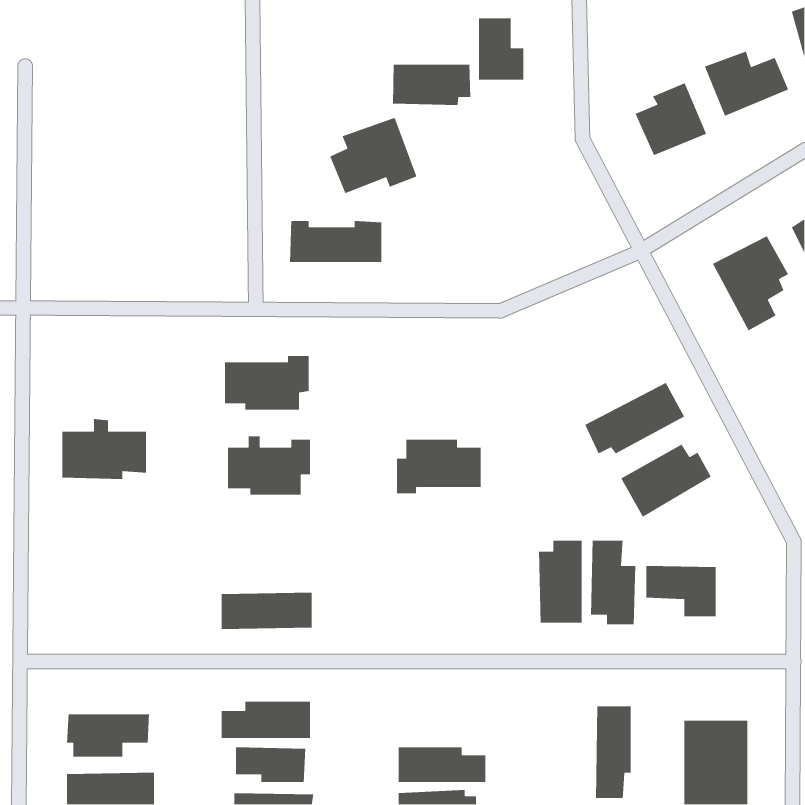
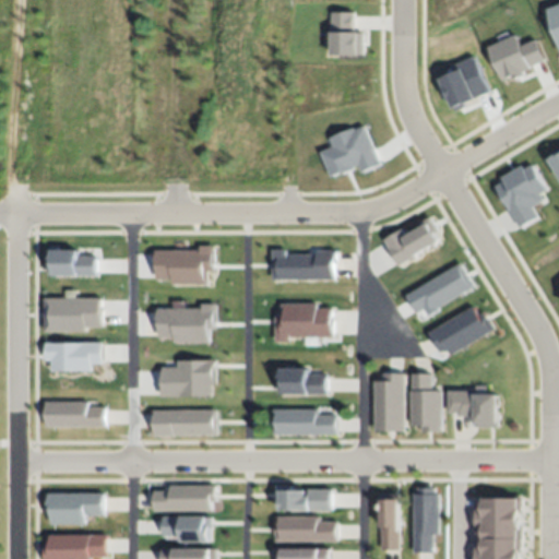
building: [392,64,471,106] -> none
building: [329,117,417,194] -> [319,124,380,178]
building: [289,220,382,263] -> [271,250,335,280]
building: none -> [382,219,441,265]
building: none -> [47,249,96,276]
building: none -> [45,342,102,371]
building: none -> [160,360,216,396]
building: none -> [280,369,326,395]
building: none -> [44,401,105,427]
building: none -> [273,409,336,435]
building: none -> [277,488,332,511]
building: none -> [381,496,401,546]

